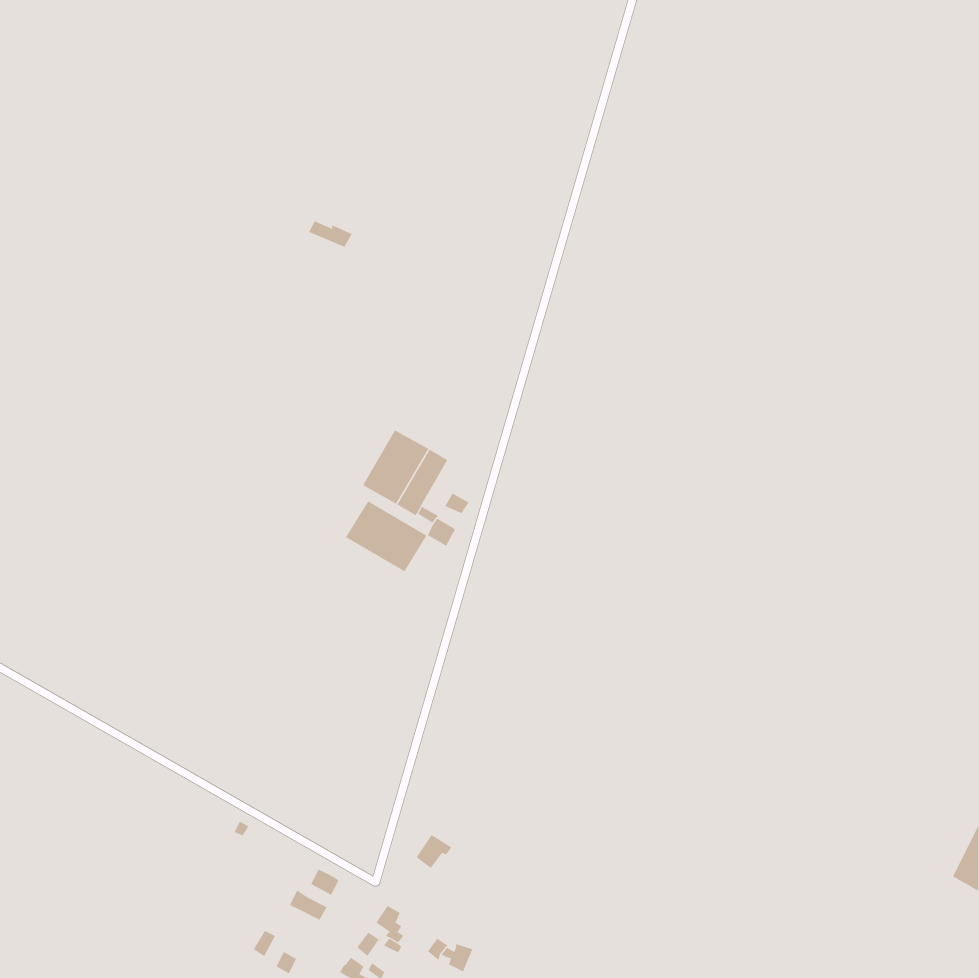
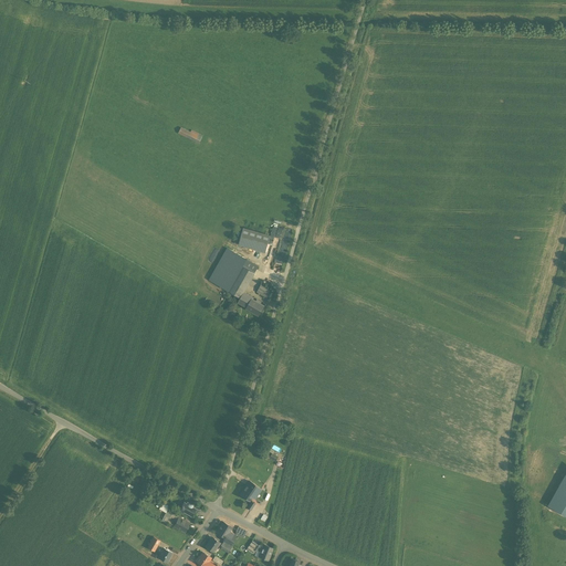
building: none -> [239,229,270,253]
building: [345,500,427,572] -> none

